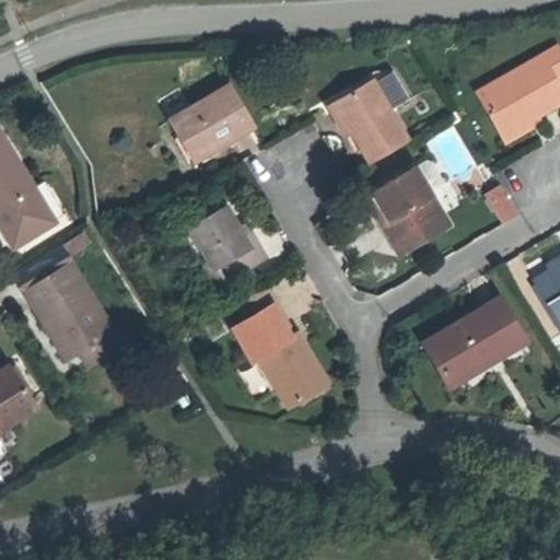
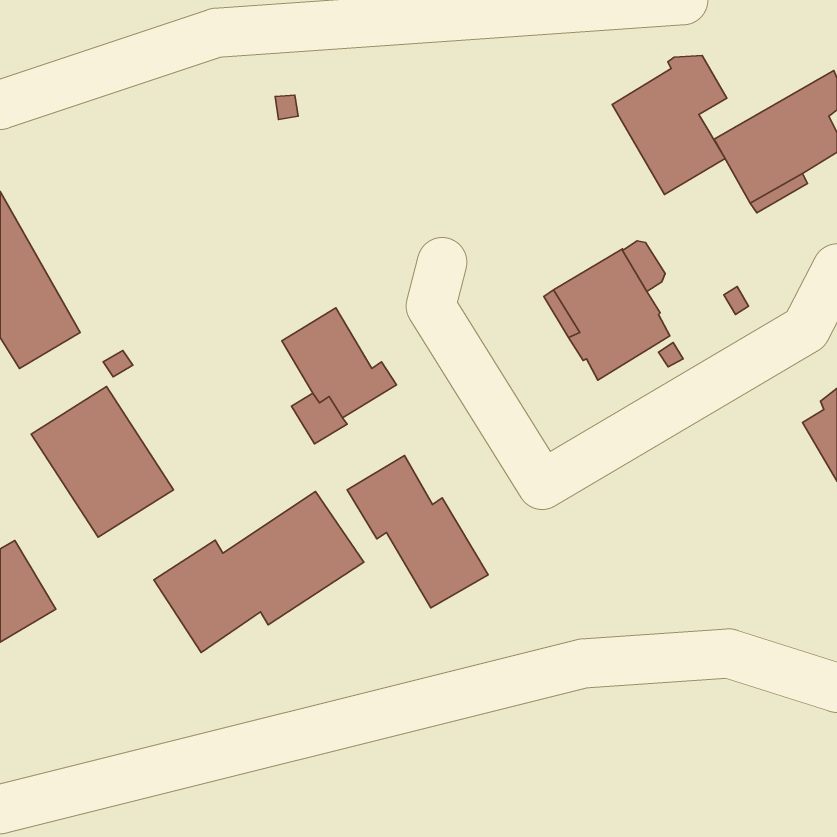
building: [332,70,409,163] -> [612,55,727,195]
building: [170,86,250,160] -> none
building: [425,300,523,384] -> none
building: none -> [154,492,364,653]

